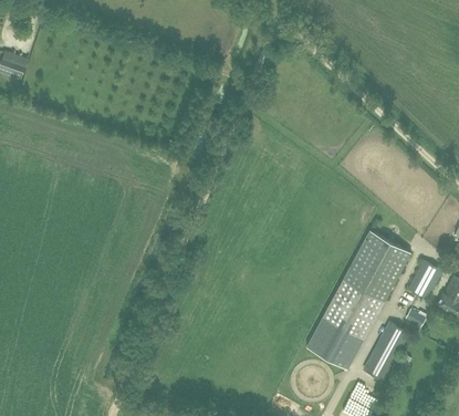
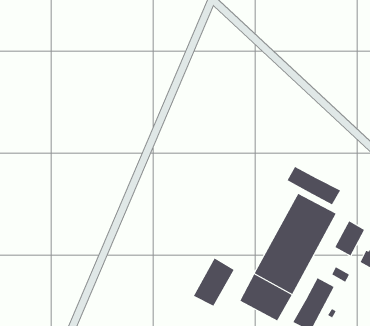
building: none -> [287,166,341,205]
building: none -> [193,258,234,307]

